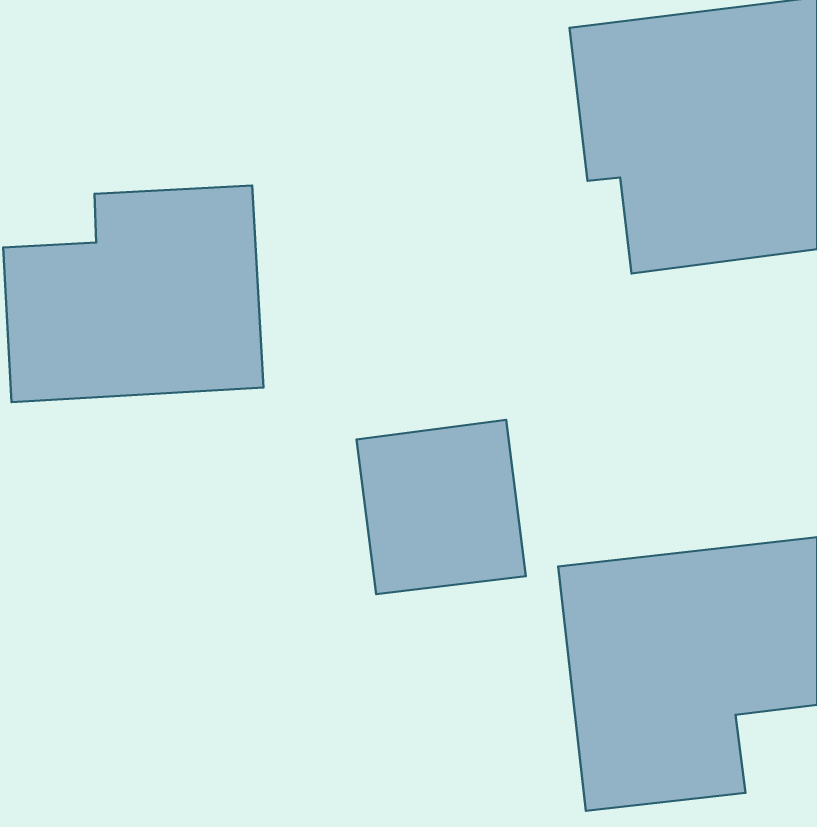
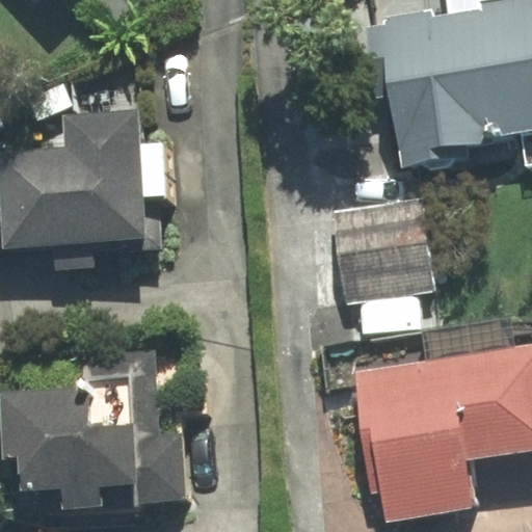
building: [357,420,526,594] -> [330,198,438,310]
building: none -> [4,354,189,505]

